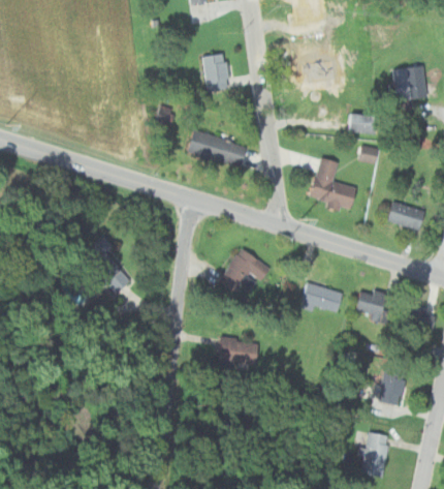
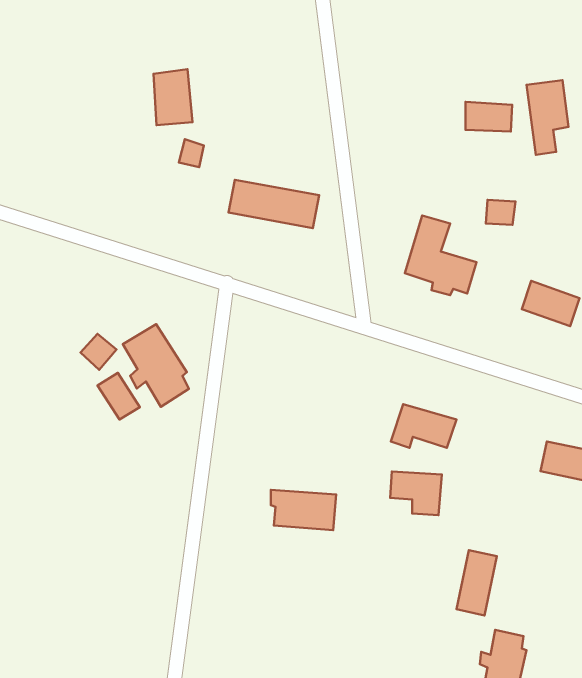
building: [205,54,231,91] -> [153,69,192,125]
building: [349,114,380,133] -> [465,102,512,131]
building: none -> [123,324,189,407]
building: [220,248,273,294] -> none
building: [352,295,386,324] -> [390,471,442,515]
building: [378,362,405,405] -> [456,550,497,616]

